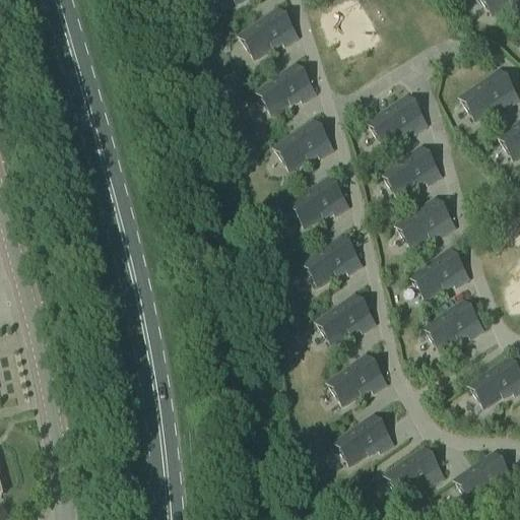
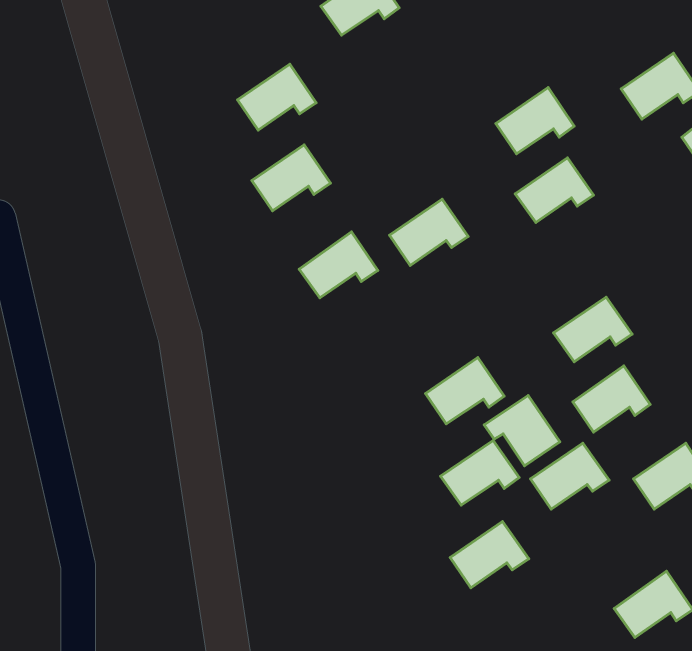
building: [258,64,316,113] -> [237,64,316,130]
building: [275,120,333,169] -> [252,145,330,211]
building: [397,198,455,247] -> none
building: [304,236,362,284] -> [299,232,378,298]
building: none -> [484,396,560,466]
building: [386,448,444,497] -> [531,443,609,509]

